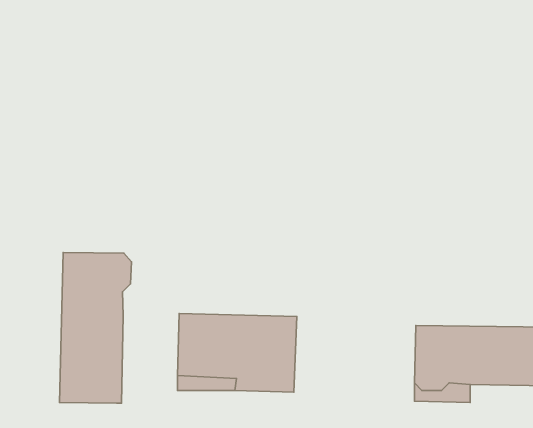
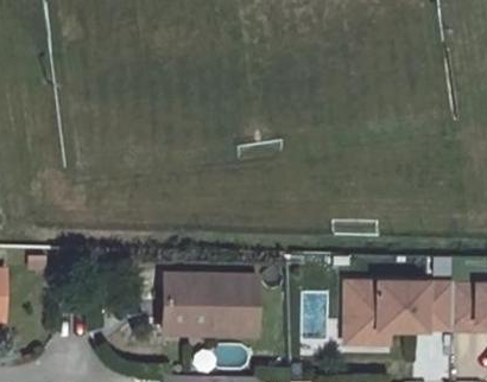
building: [59,253,131,403] -> none

